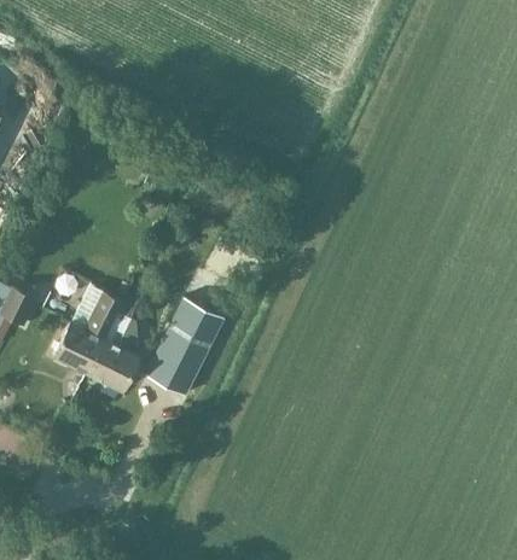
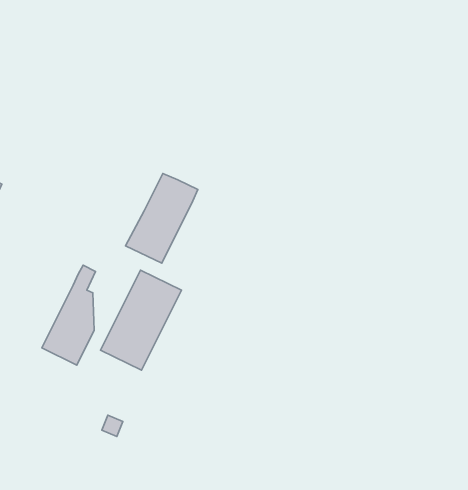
building: [51,290,121,377] -> [126,173,198,263]

